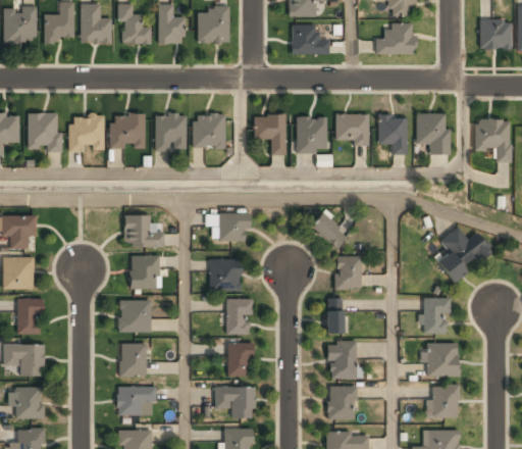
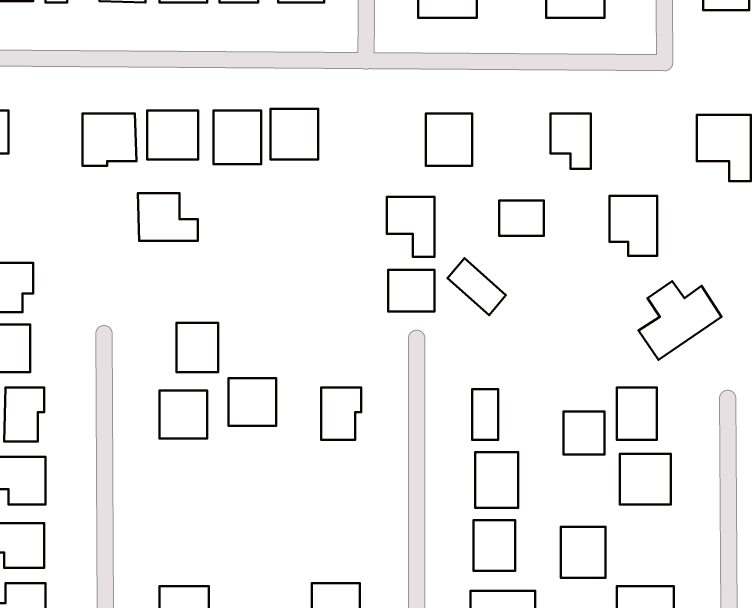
building: [28,114,60,151] -> none
building: [416,114,448,154] -> [610,196,657,256]
building: [254,115,285,155] -> [387,197,434,257]
building: [335,115,365,139] -> [499,200,544,236]
building: [217,214,248,242] -> [388,270,434,312]
building: [123,215,163,247] -> [138,193,198,241]
building: [335,257,361,290] -> none
building: [209,260,241,292] -> [228,378,276,426]
building: none -> [563,412,604,454]
building: [226,343,252,377] -> none
building: [119,345,146,377] -> none
building: [428,385,458,418] -> [561,527,605,578]
building: [117,387,156,415] -> none
building: [214,387,254,418] -> none

